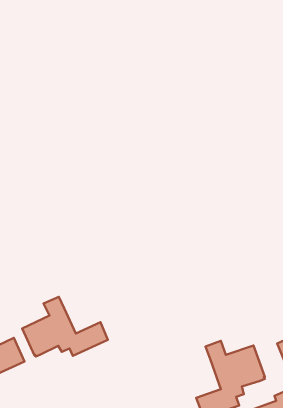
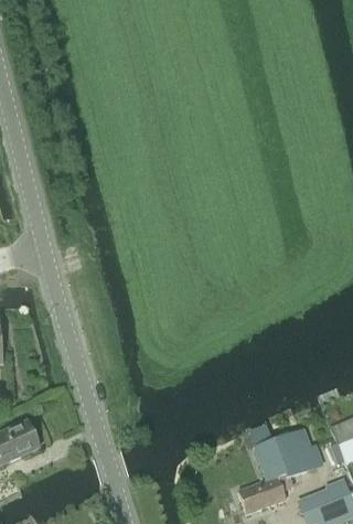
building: [22,297,108,357] -> none

